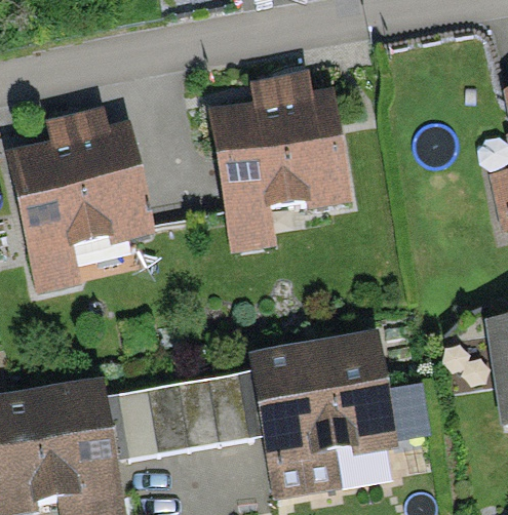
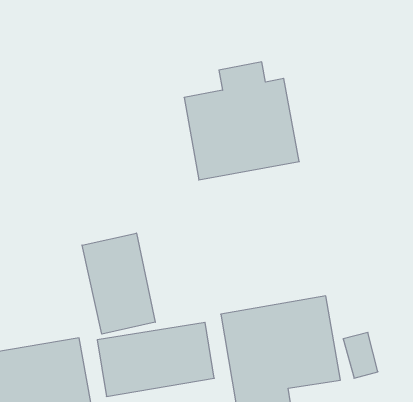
building: [14,117,147,252] -> none
building: none -> [82,233,155,334]

